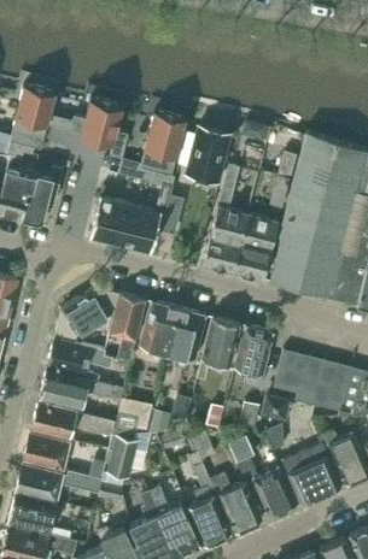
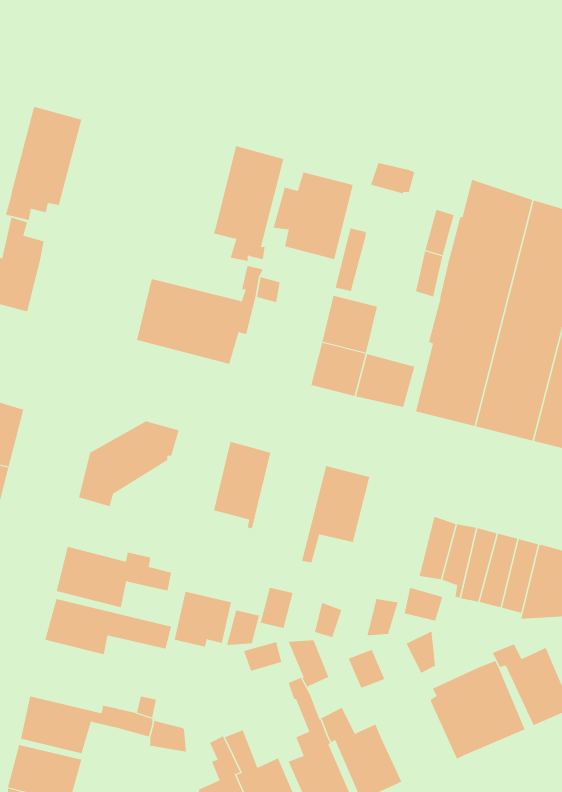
building: [48,98,122,143] -> none
building: [21,167,63,224] -> none
building: [239,214,279,253] -> none
building: [109,294,145,363] -> none
building: [165,308,205,359] -> none
building: [234,325,273,389] -> none
building: [47,337,110,373] -> none
building: [24,434,70,470] -> none
building: [107,436,138,478] -> none
building: [236,458,297,518] -> none

